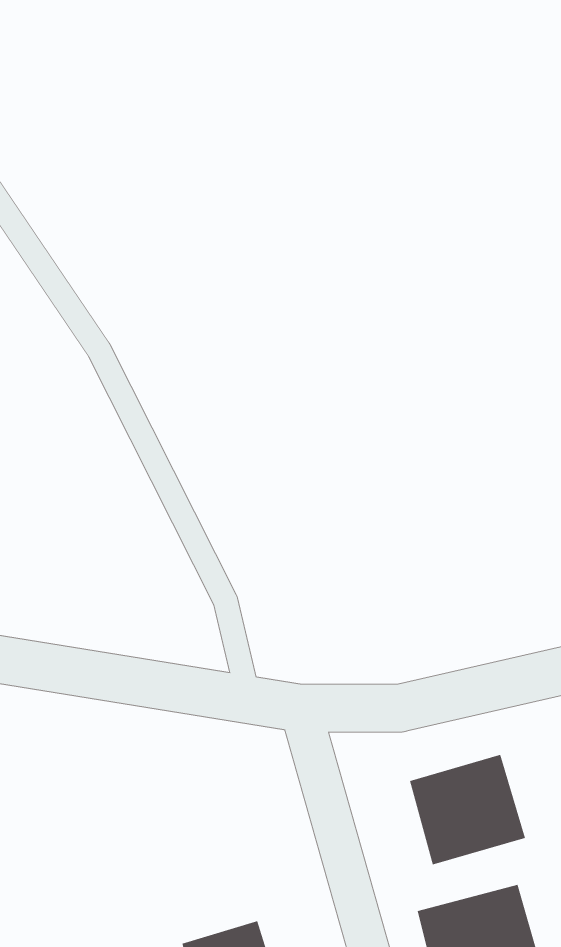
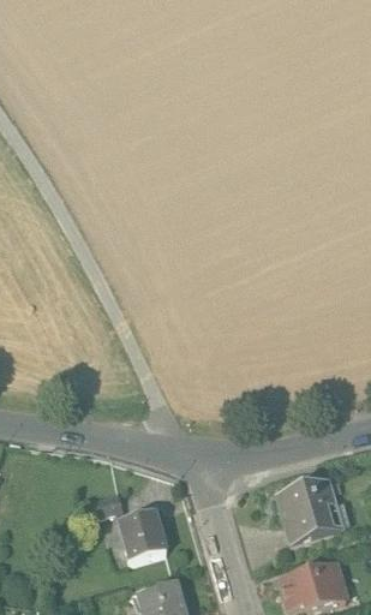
building: none -> [115,507,169,560]

